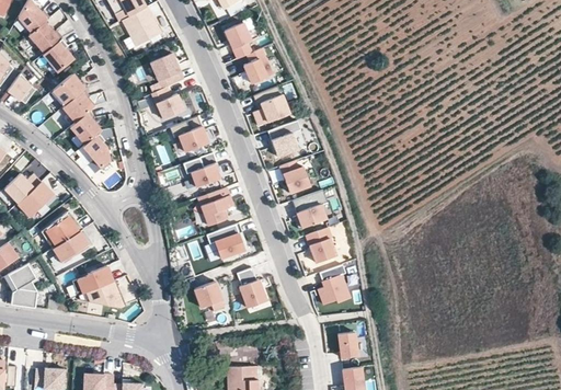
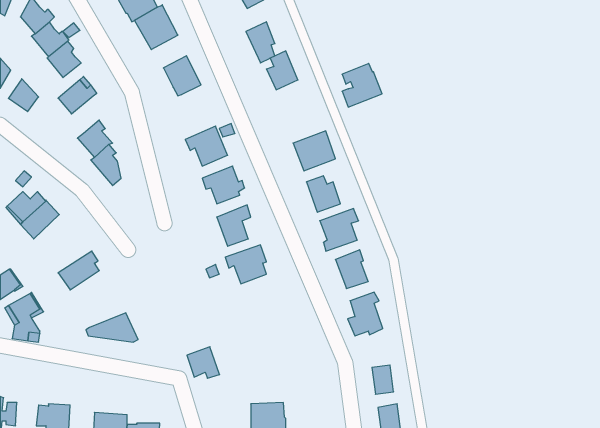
building: [252,87,288,126] -> [342,63,382,107]
building: [151,88,184,119] -> none
building: [64,89,95,123] -> none
building: [43,213,84,250] -> none
building: [234,268,264,308] -> none
building: [77,269,115,298] -> none
building: [192,282,221,310] -> [187,347,220,378]

